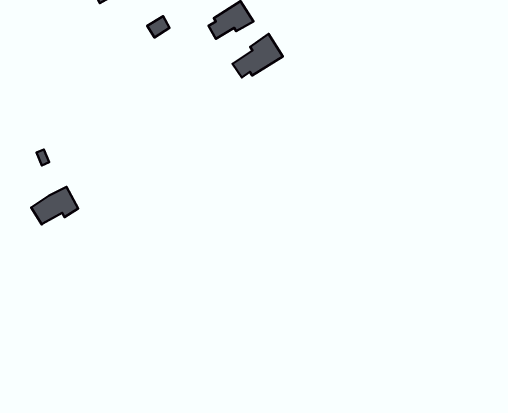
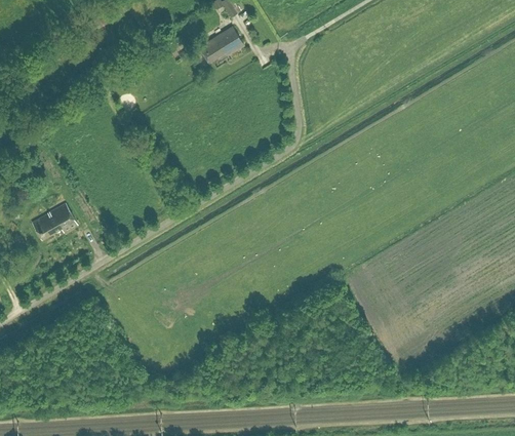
building: [233,34,283,78] -> none

